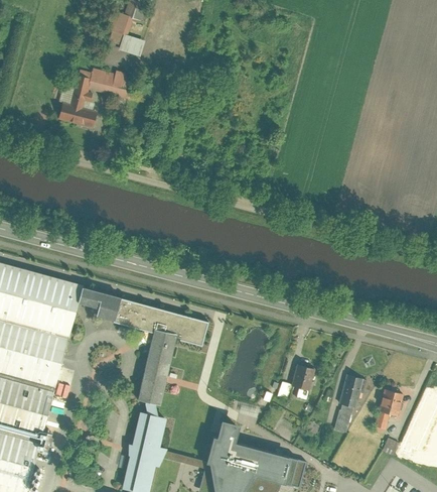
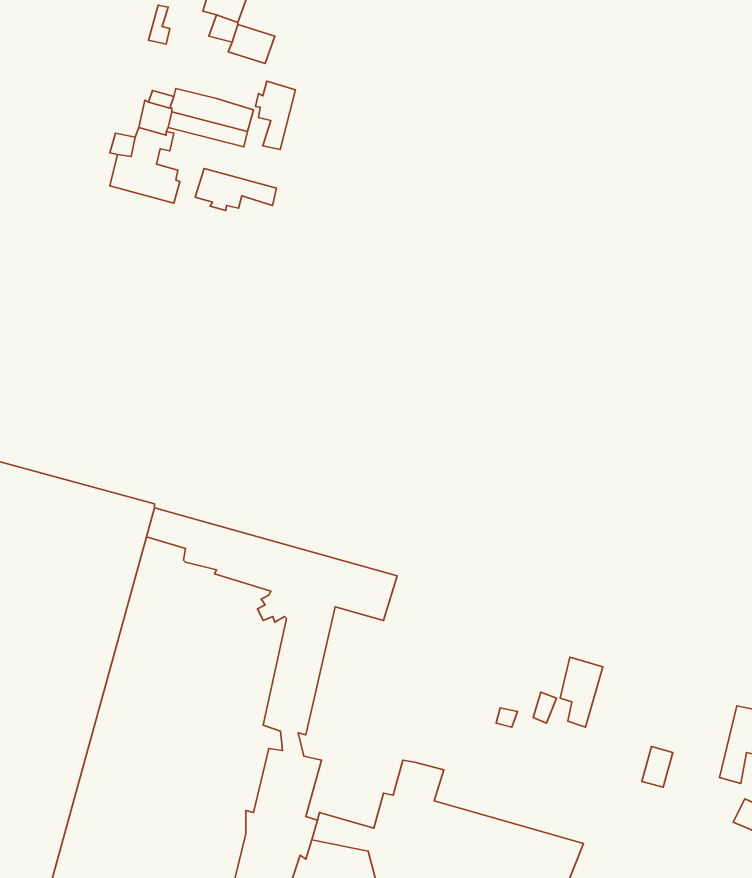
building: none -> [255,81,296,150]
building: none -> [195,169,276,210]
building: [339,375,367,408] -> none

